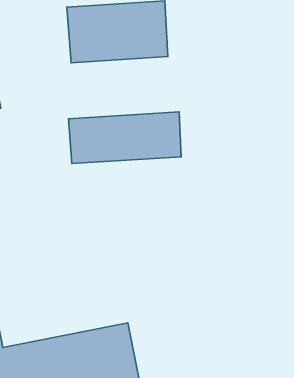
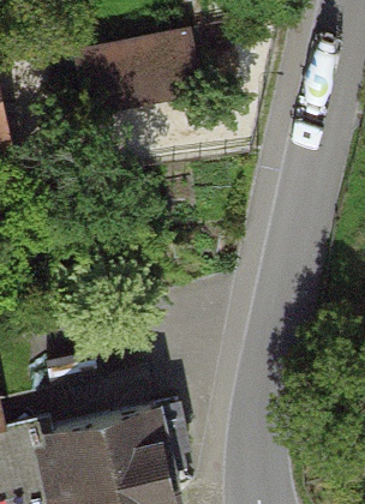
building: [69,112,181,164] -> none

